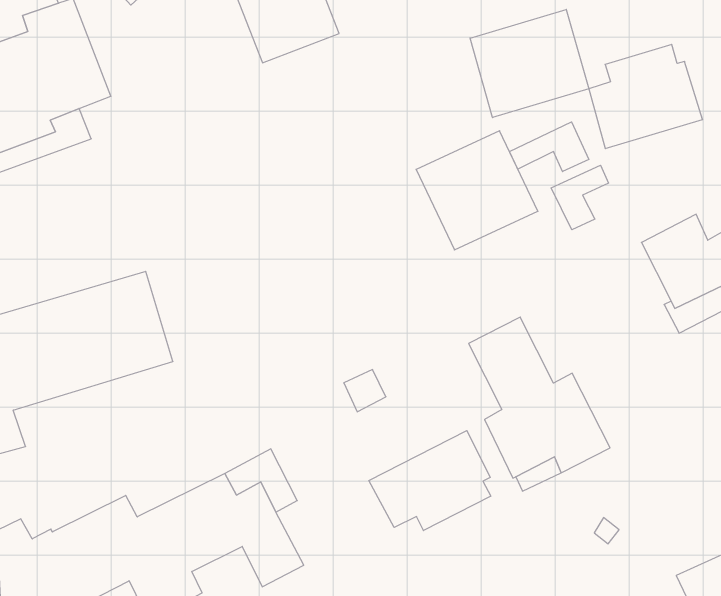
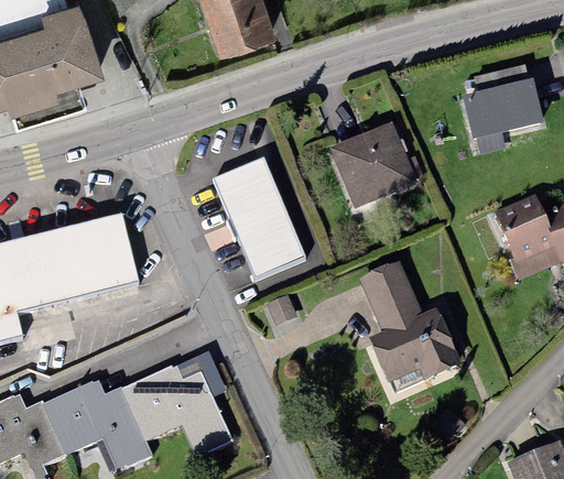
building: [470,9,589,118] -> none
building: [510,122,589,172] -> none
building: [551,165,609,230] -> none
building: none -> [210,155,307,279]
building: [369,431,491,531] -> none

